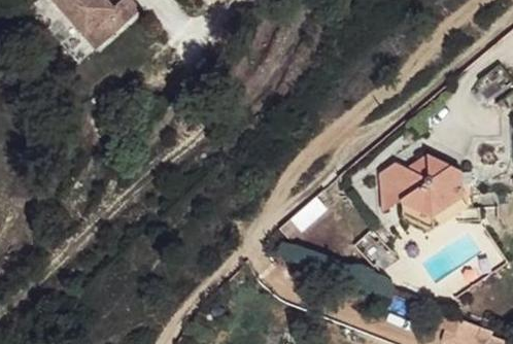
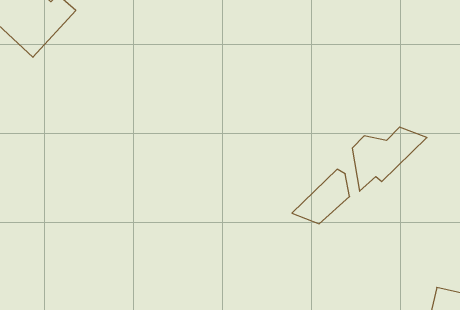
building: [407,168,463,217] -> [292,169,350,224]

